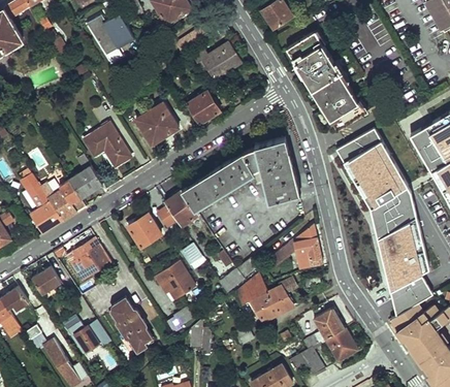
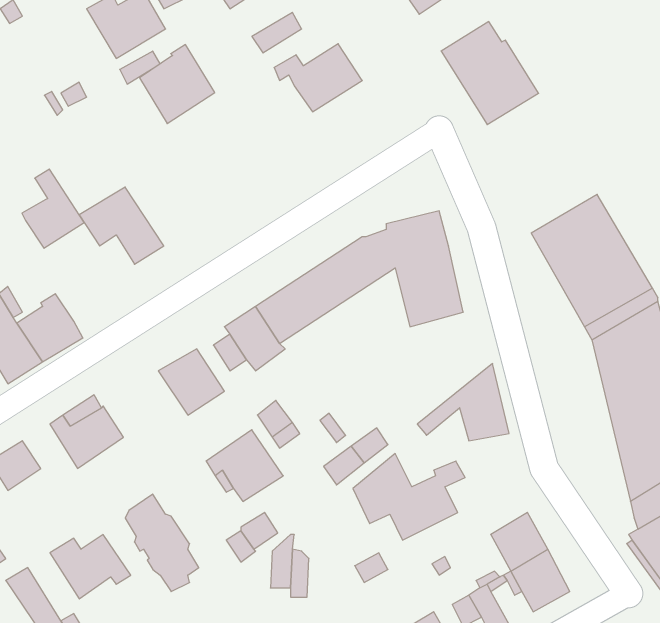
building: [312,71,362,128] -> none
building: [187,92,220,125] -> none
building: [135,102,178,147] -> [140,45,215,124]
building: [67,155,102,199] -> [22,169,84,248]

